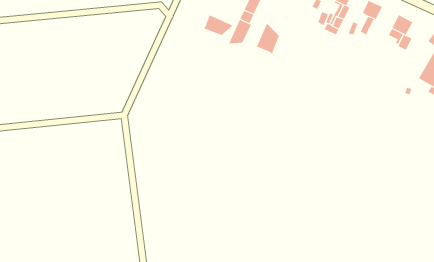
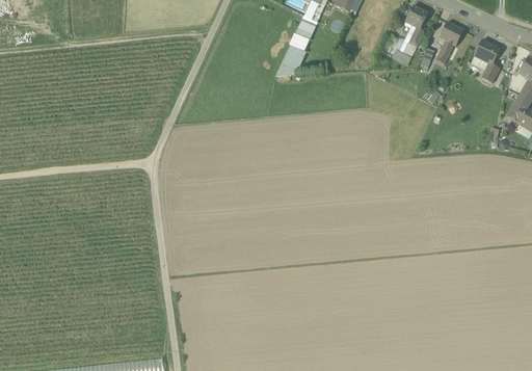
building: [203,15,234,36] -> none
building: [256,23,279,55] -> none

